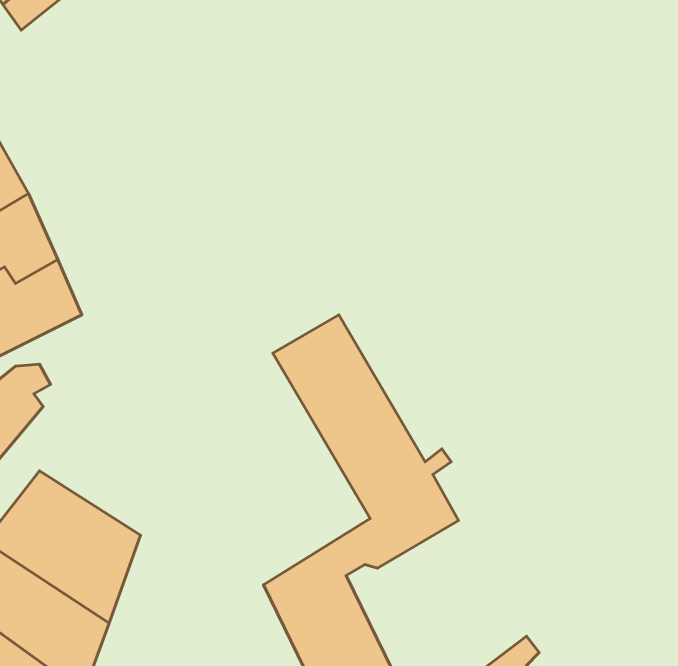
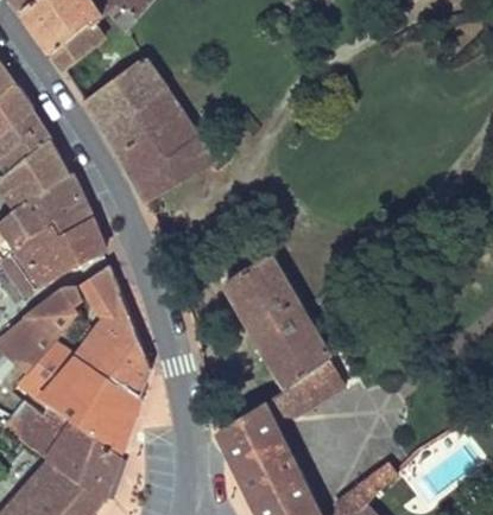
building: none -> [83,56,214,203]
building: none -> [75,266,150,396]

